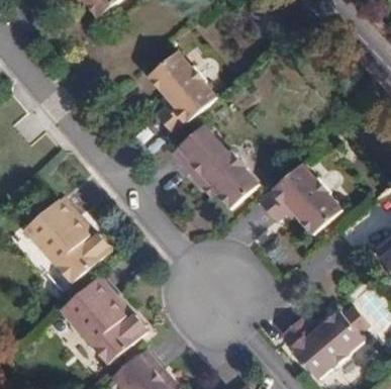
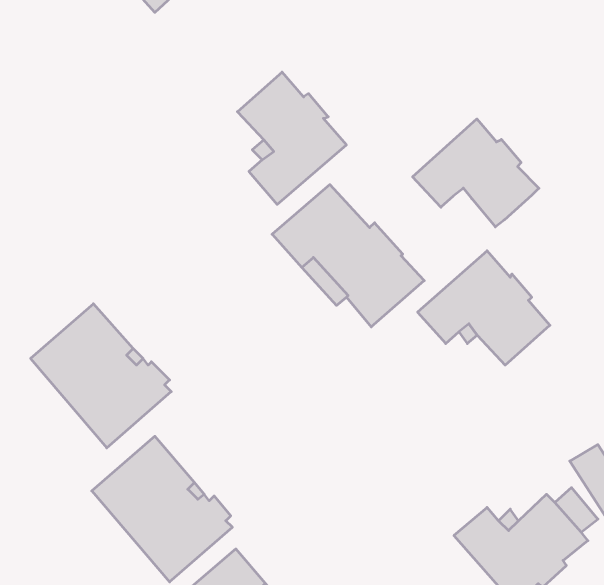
building: none -> [413,119,539,227]

